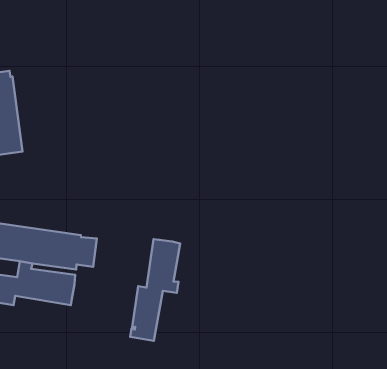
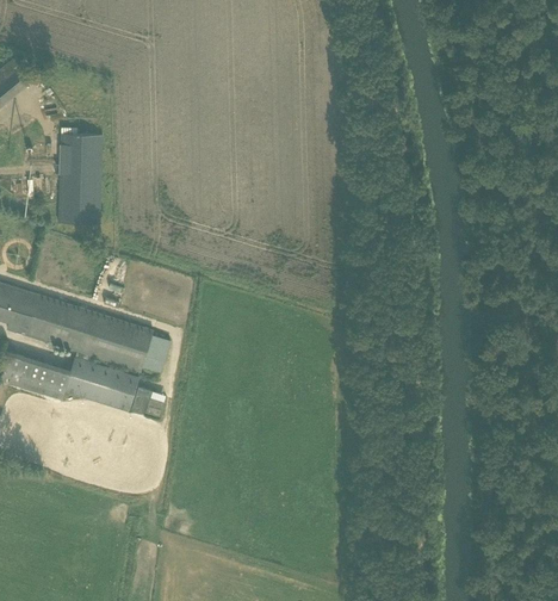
building: [130,239,180,341] -> none
building: none -> [131,386,163,416]

